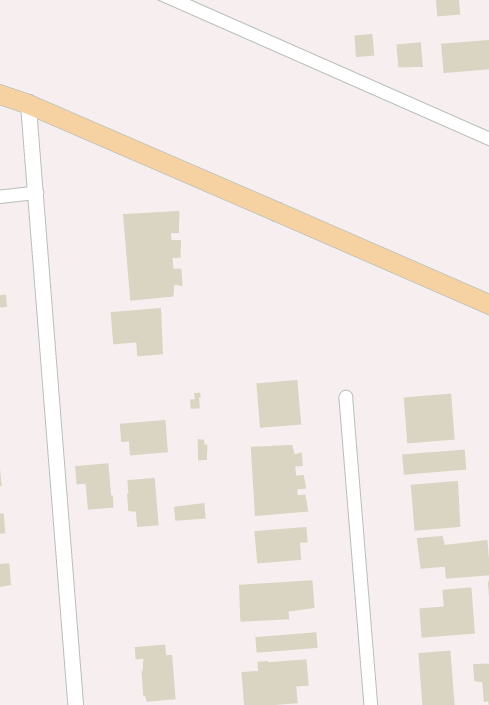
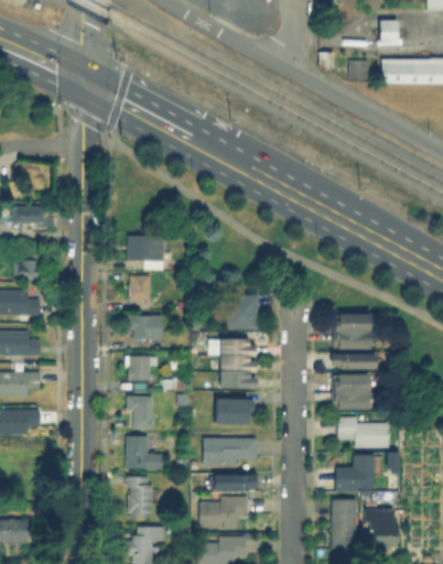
building: [122,210,183,302] -> none
building: none -> [128,275,151,311]
building: [74,462,115,510] -> [128,394,154,427]
building: none -> [127,434,163,467]

